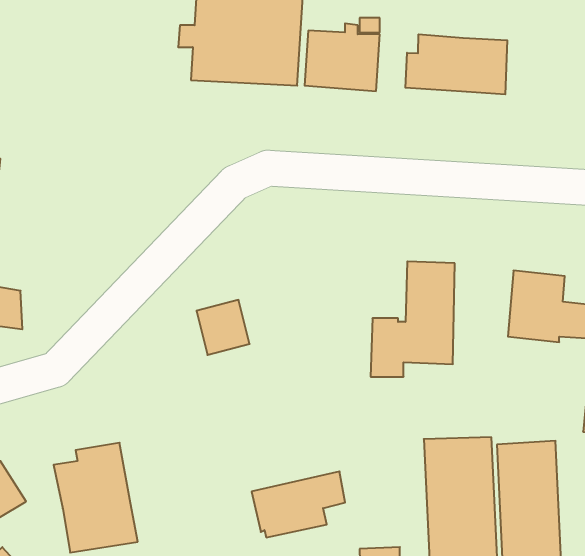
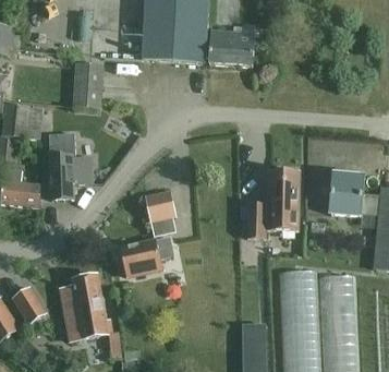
building: [405,34,507,94] -> none
building: none -> [73,61,102,107]
building: none -> [50,132,92,200]
building: [252,471,345,537] -> [118,237,173,276]

